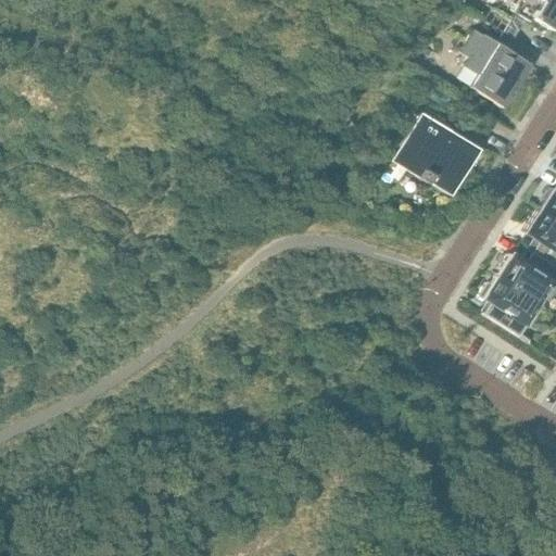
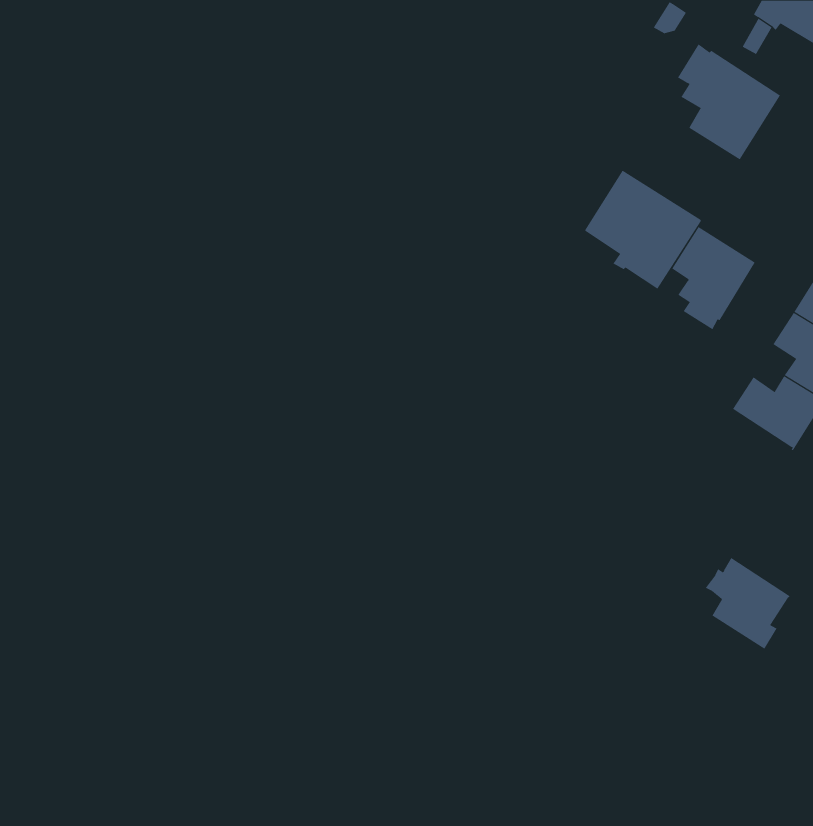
building: none -> [671,226,755,330]
building: [483,275,541,337] -> [705,557,791,649]

